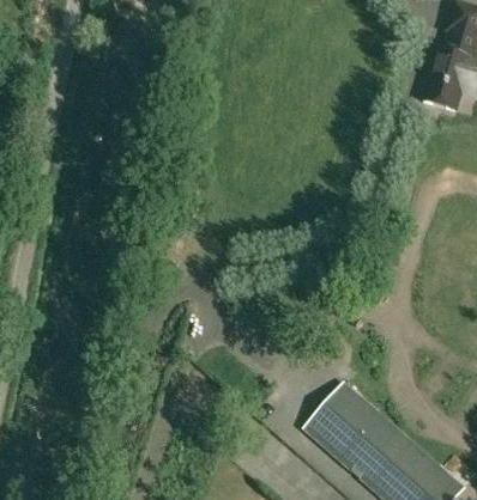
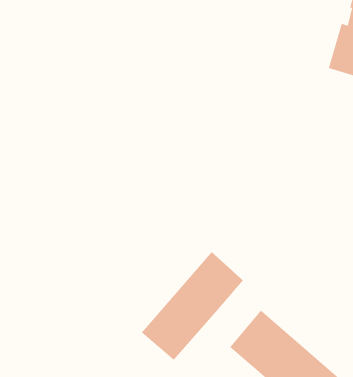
building: none -> [141,251,244,361]

